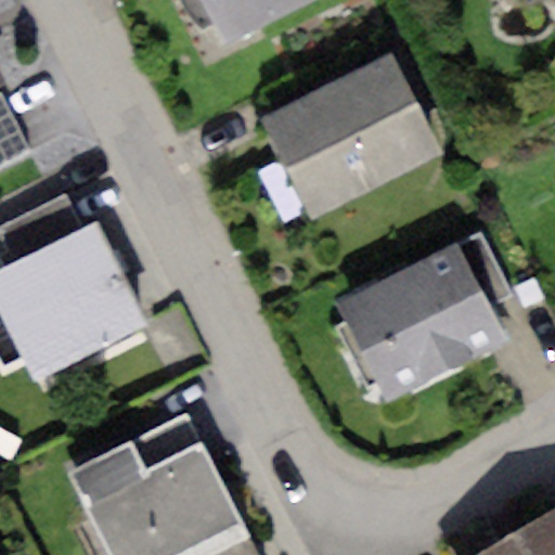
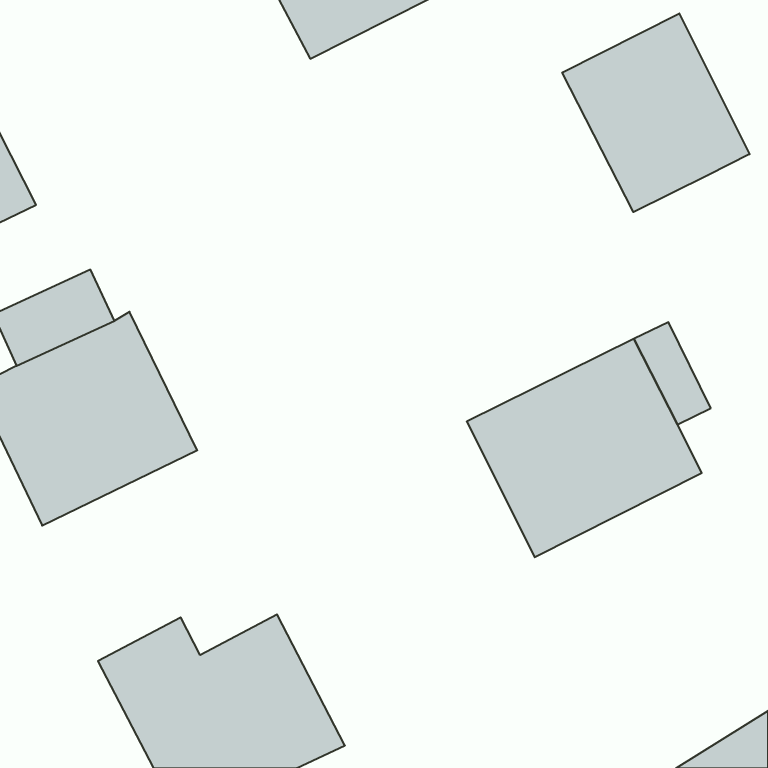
building: none -> [562,13,750,212]
building: [261,55,439,217] -> none

